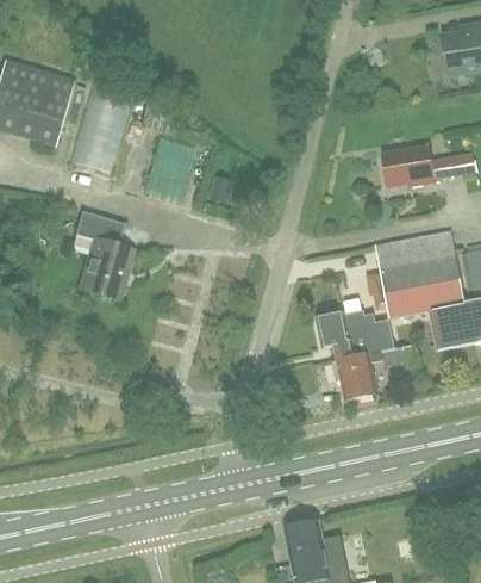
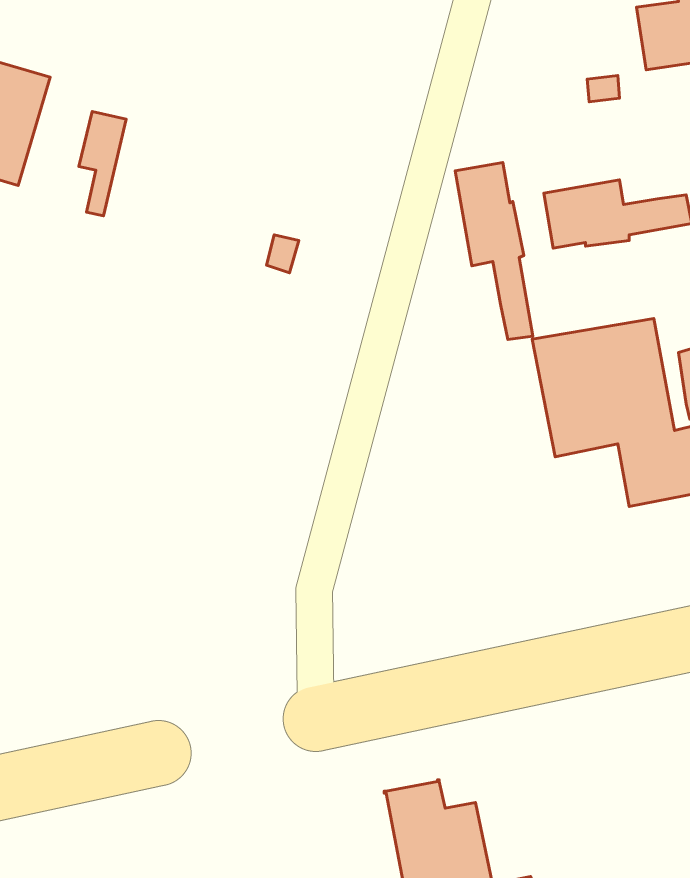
building: none -> [455,162,533,339]
building: [76,210,133,299] -> none
building: [316,309,395,399] -> none

